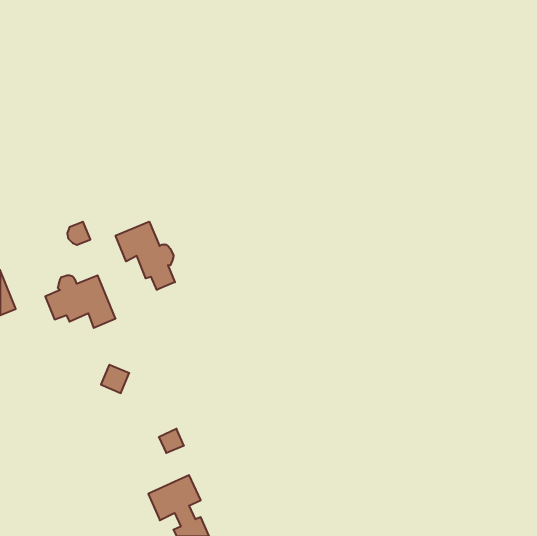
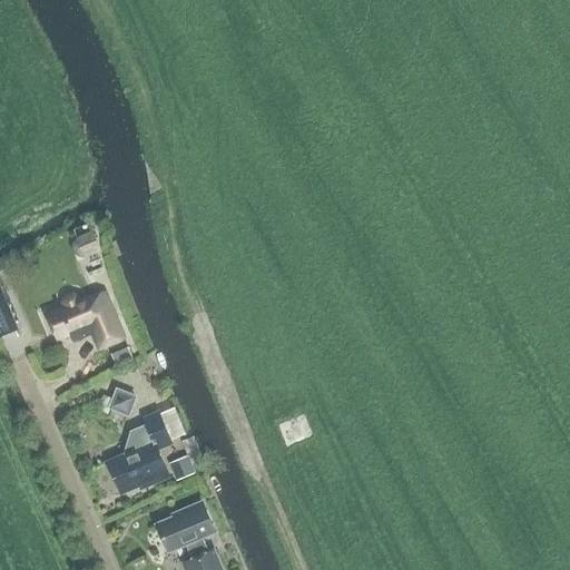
building: [116,222,175,290] -> none
building: none -> [108,417,174,490]

